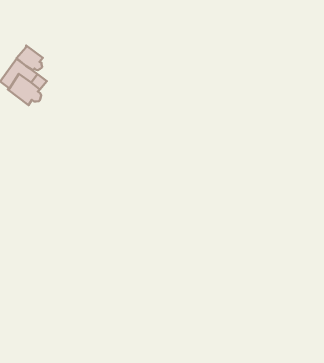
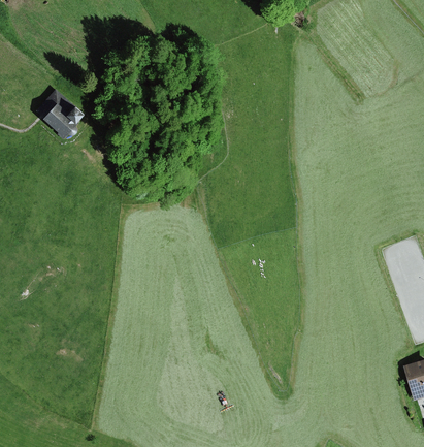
building: [17,46,43,70] -> none

